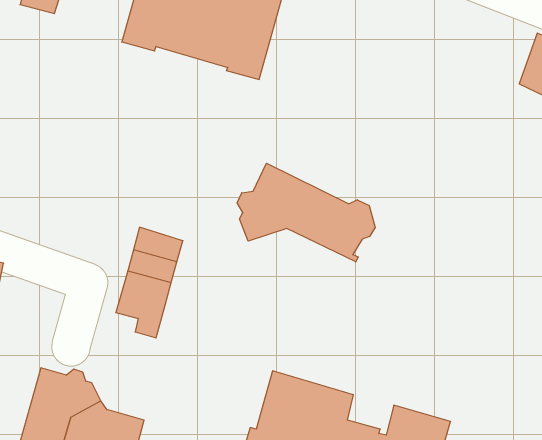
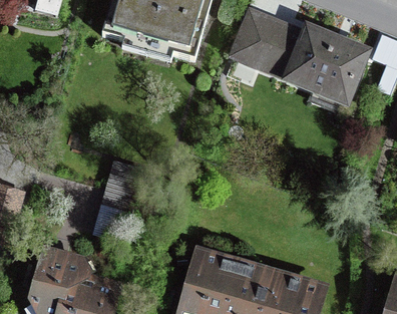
building: none -> [233,16,364,97]
building: [237,163,375,262] -> none

